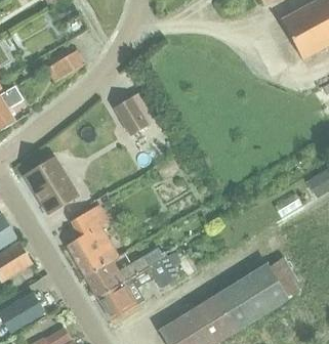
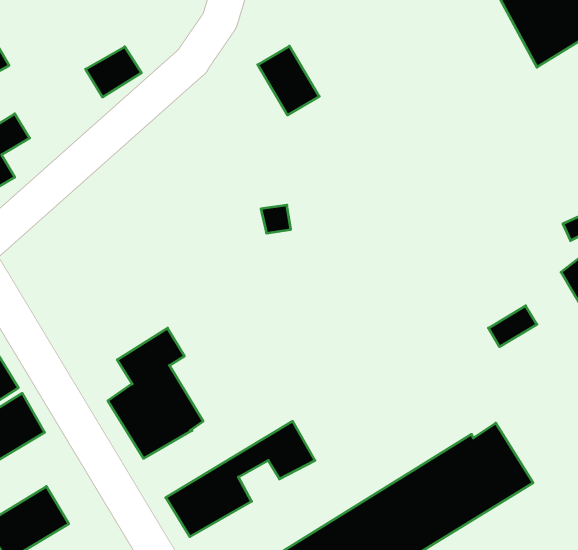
building: [114,98,148,136] -> [258,46,319,115]
building: [23,157,79,216] -> none
building: [85,247,167,298] -> none

